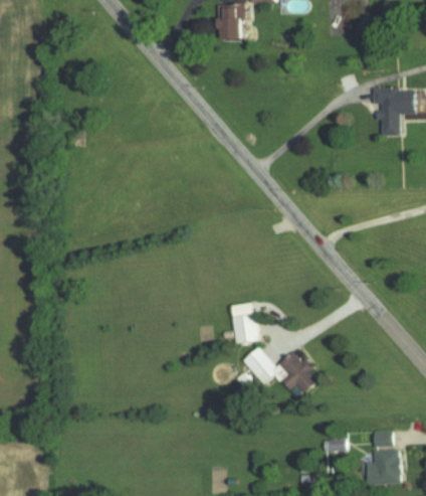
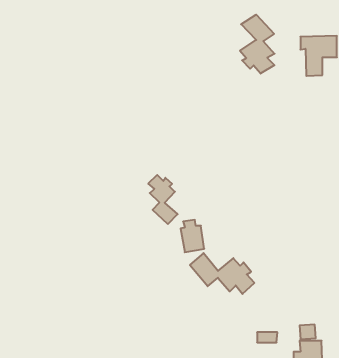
building: none -> [240,15,275,74]
building: none -> [148,175,178,224]

